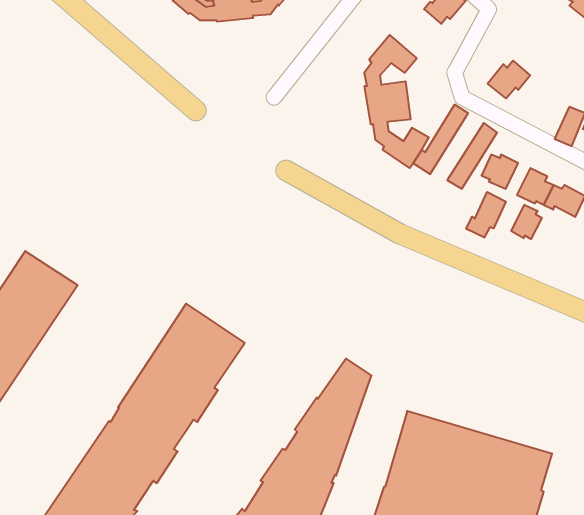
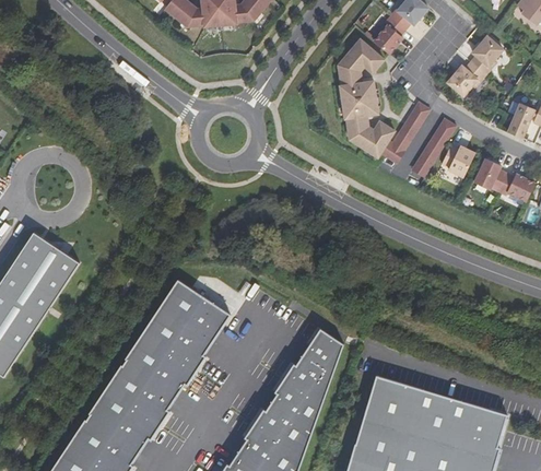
building: none -> [374,16,405,55]
building: none -> [470,36,503,75]
building: [466,192,506,238] -> none
building: [511,205,542,239] -> none

